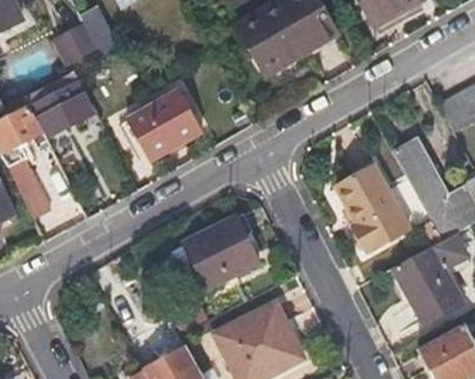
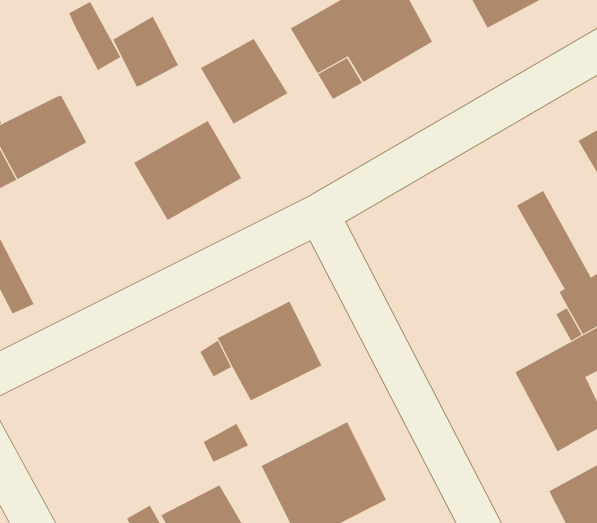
building: [54,23,101,73] -> [112,16,179,87]
building: none -> [200,38,288,124]
building: [336,166,409,251] -> none

